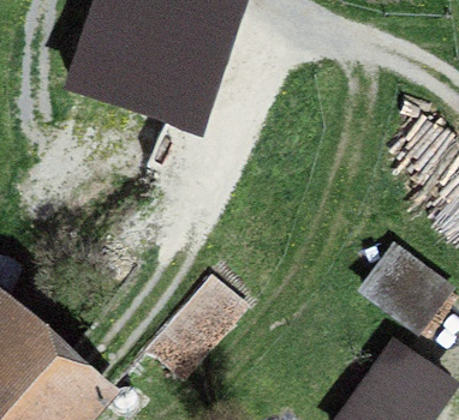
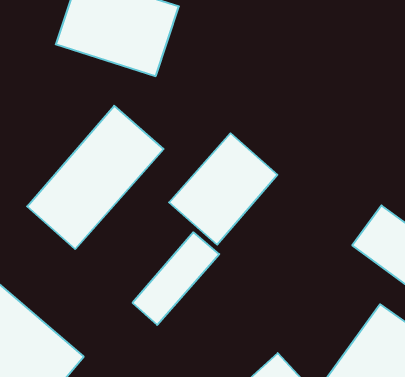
building: none -> [27,106,164,249]
building: none -> [169,133,277,245]

